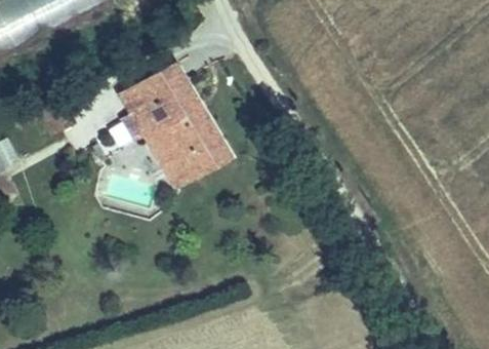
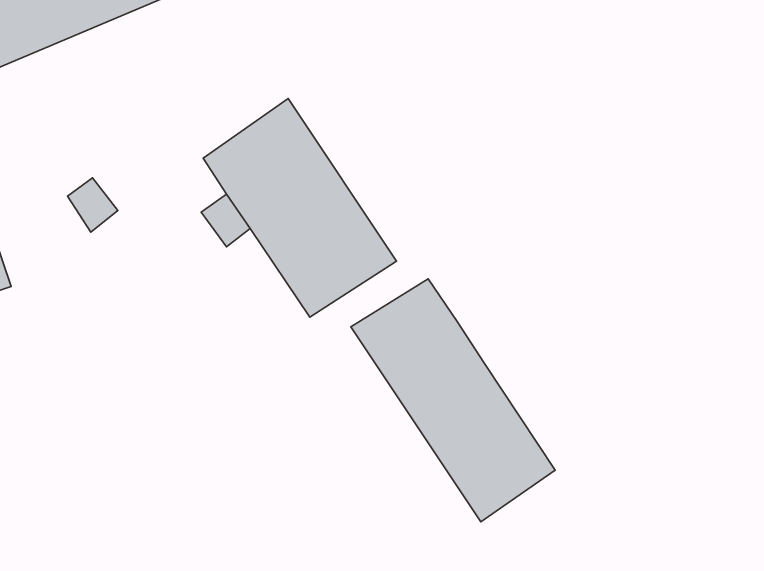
building: none -> [351,279,555,522]

